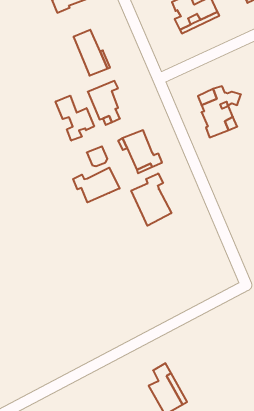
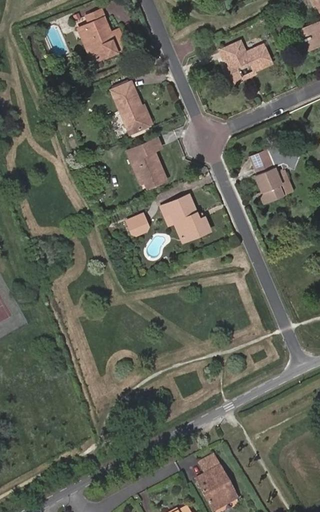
building: [56,96,94,141] -> none
building: [73,168,120,202] -> none
building: [131,173,171,226] -> none

